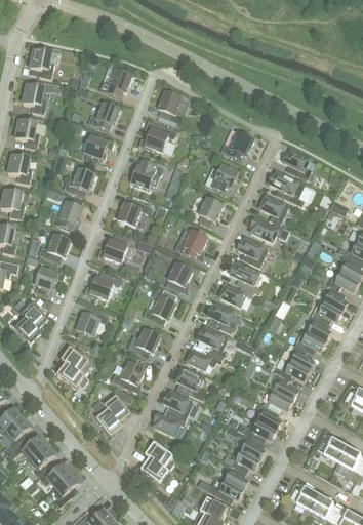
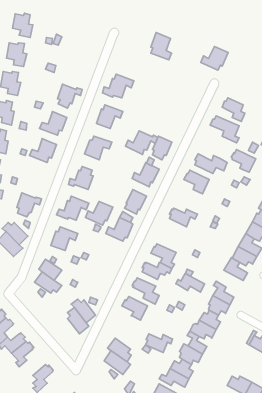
building: [99,69,132,100] -> none
building: [158,90,183,123] -> [151,33,171,60]
building: [88,102,120,130] -> none
building: [220,131,253,160] -> [201,47,228,70]
building: [205,164,244,193] -> [125,131,158,155]
building: [258,196,288,224] -> [231,149,256,172]
building: [39,233,71,261] -> none
building: [230,262,261,294] -> none
building: [207,304,235,332] -> none
building: [127,328,160,357] -> [86,201,113,225]
building: [274,359,309,381] -> [176,274,205,292]
building: [112,361,145,390] -> none
building: [153,413,186,436] -> [145,334,173,352]
building: [38,462,70,486] -> none

